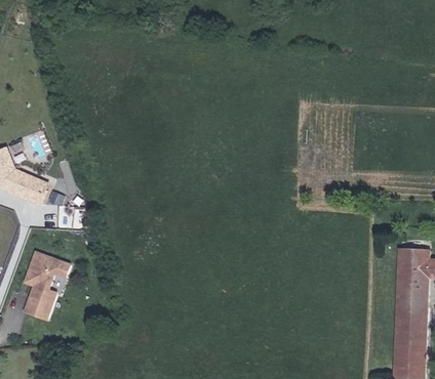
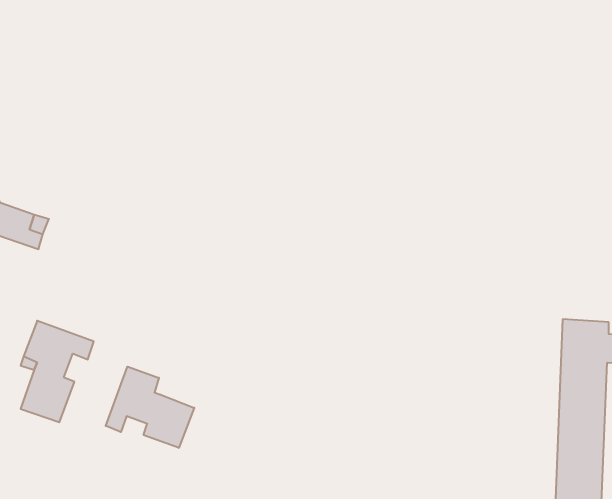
building: none -> [106,367,194,448]

